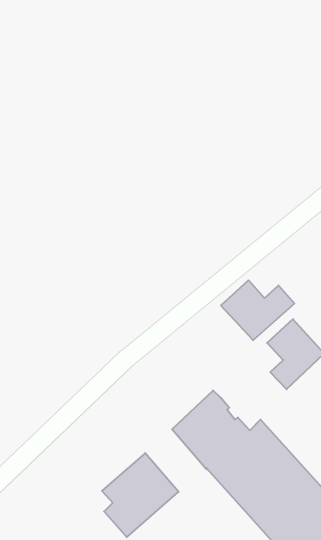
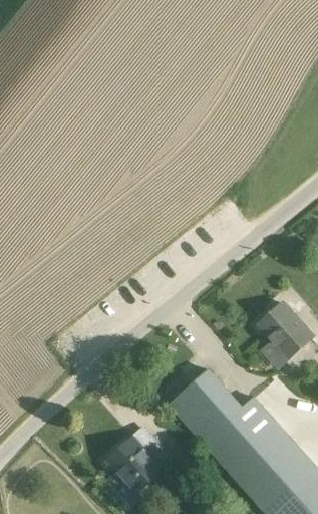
building: [221,280,294,340] -> none

